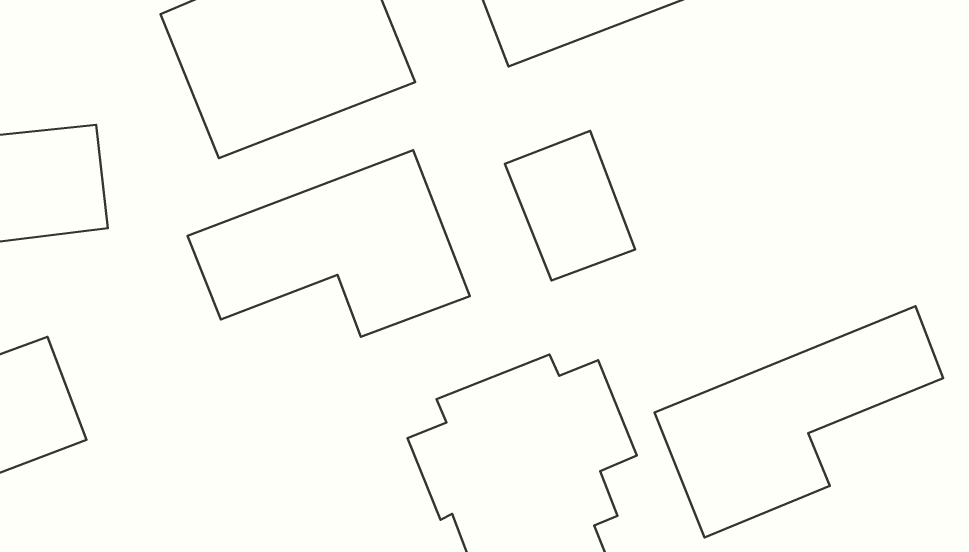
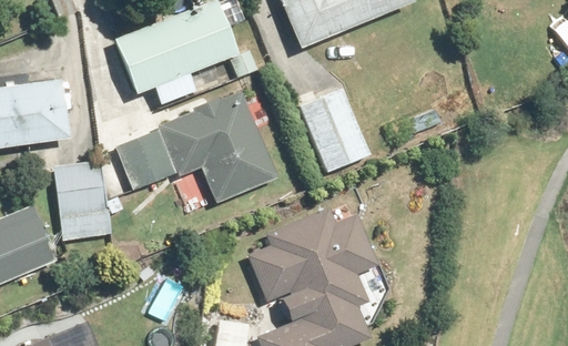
building: none -> [59,163,113,244]
building: [655,306,943,537] -> none

